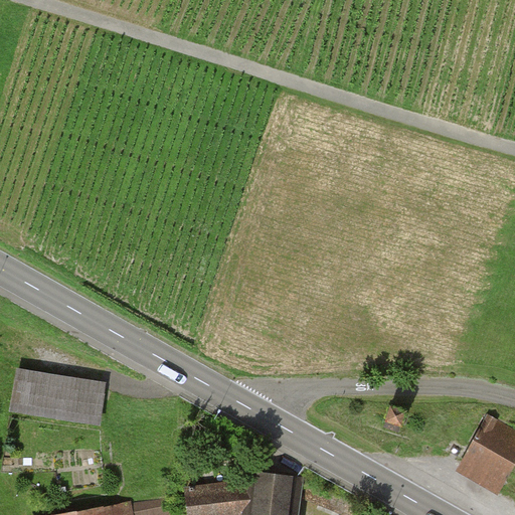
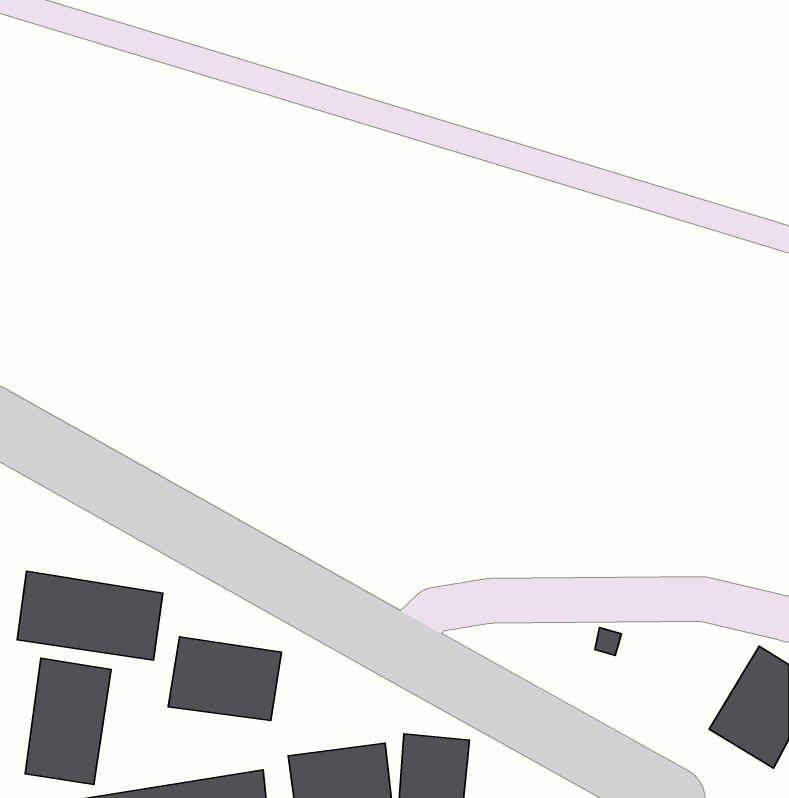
building: none -> [168,637,282,721]
building: none -> [25,658,111,785]

